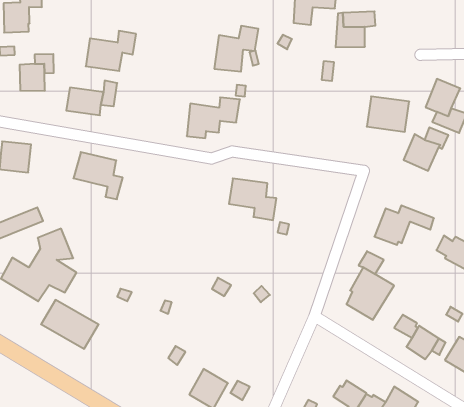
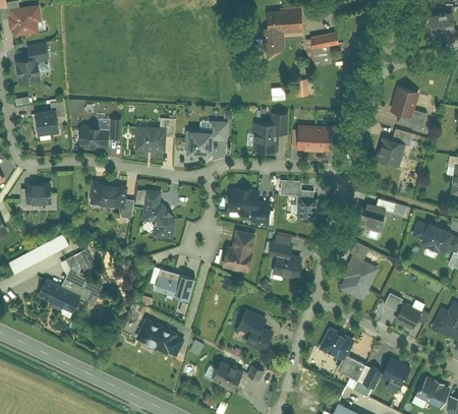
building: [214,26,258,72] -> [252,112,287,152]
building: [86,31,136,71] -> [134,117,175,152]
building: [367,96,409,132] -> [296,124,331,152]
building: none -> [135,189,175,238]
building: none -> [280,180,314,222]
building: none -> [221,230,255,274]
building: none -> [268,240,302,280]
building: none -> [153,268,195,299]
building: [41,300,99,349] -> [135,317,185,357]
building: none -> [236,312,269,351]
building: none -> [320,328,354,361]

